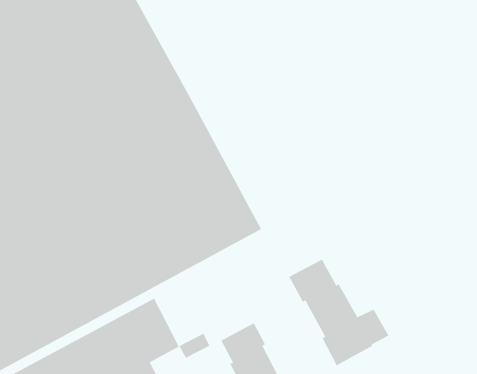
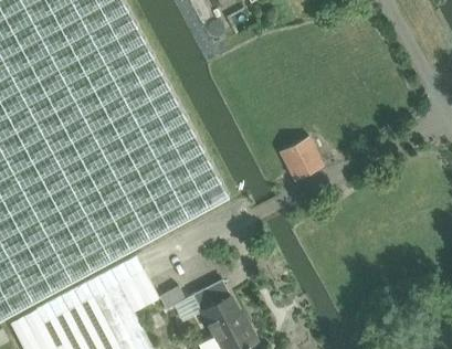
building: none -> [278,137,324,182]
building: [289,259,389,366] -> none

